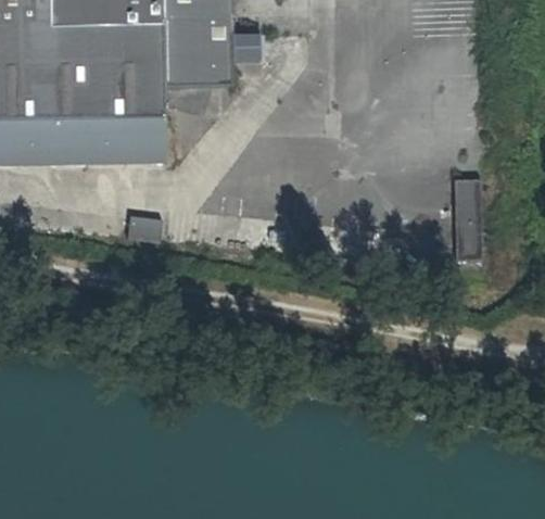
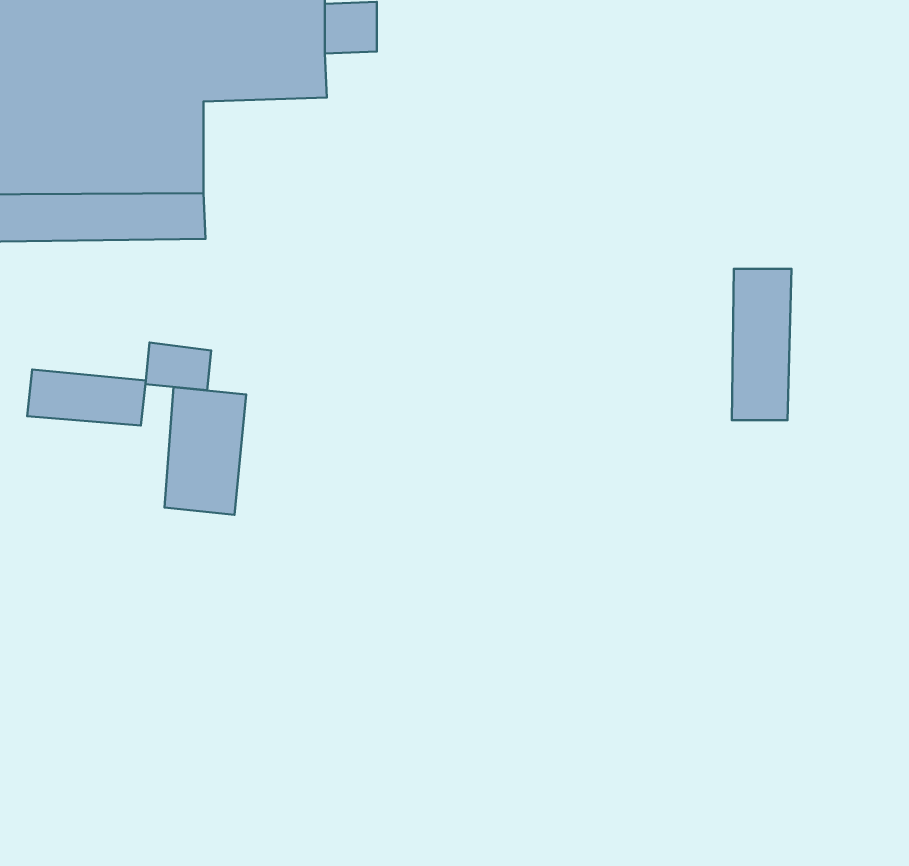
building: none -> [27,370,146,425]
building: none -> [164,387,246,515]

